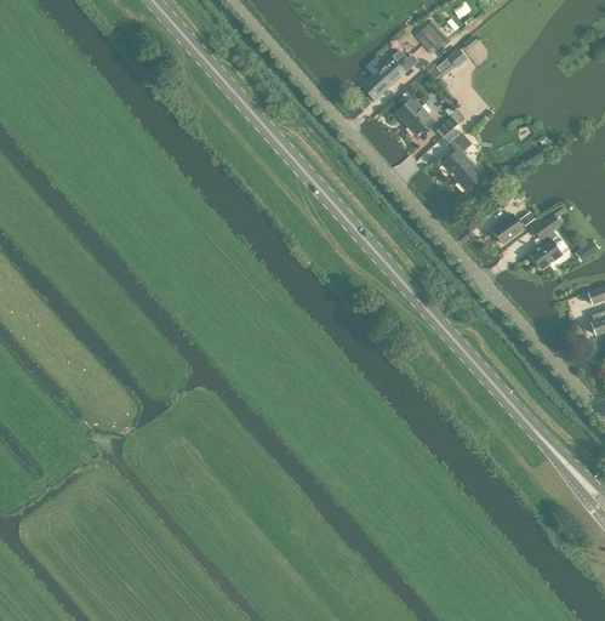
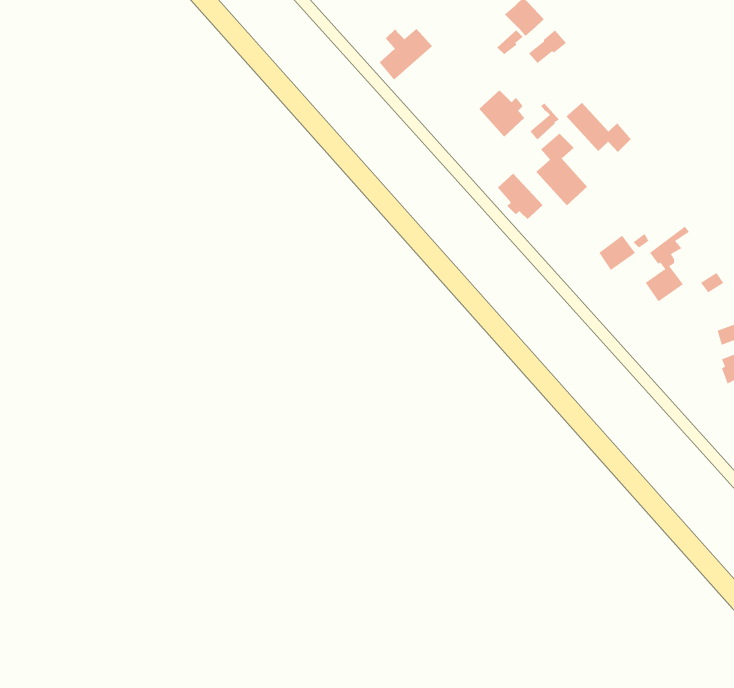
building: [360,57,404,99] -> [379,28,433,80]
building: none -> [566,102,631,153]
building: none -> [497,173,543,220]

